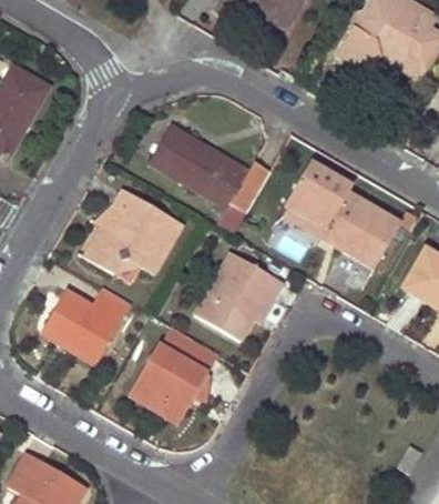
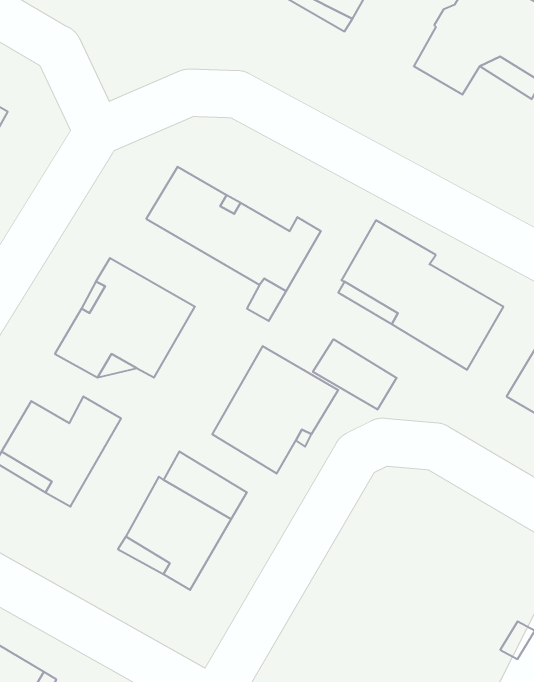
building: none -> [313,339,397,410]

